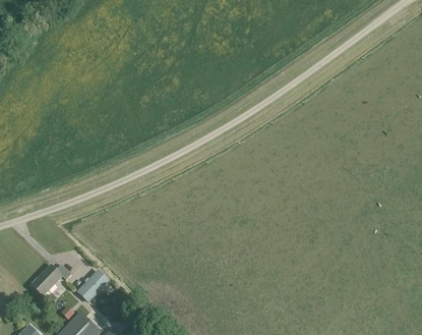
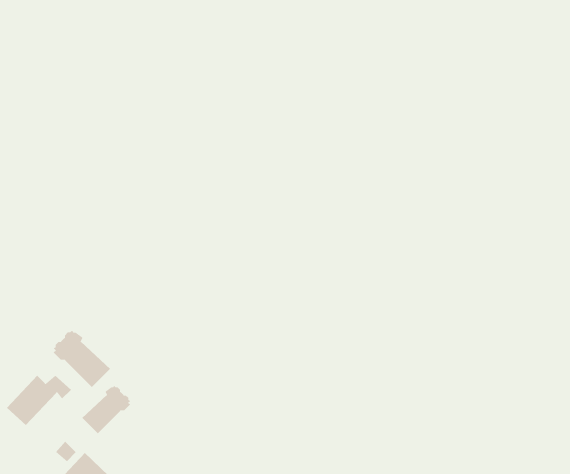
building: none -> [53,330,111,388]

